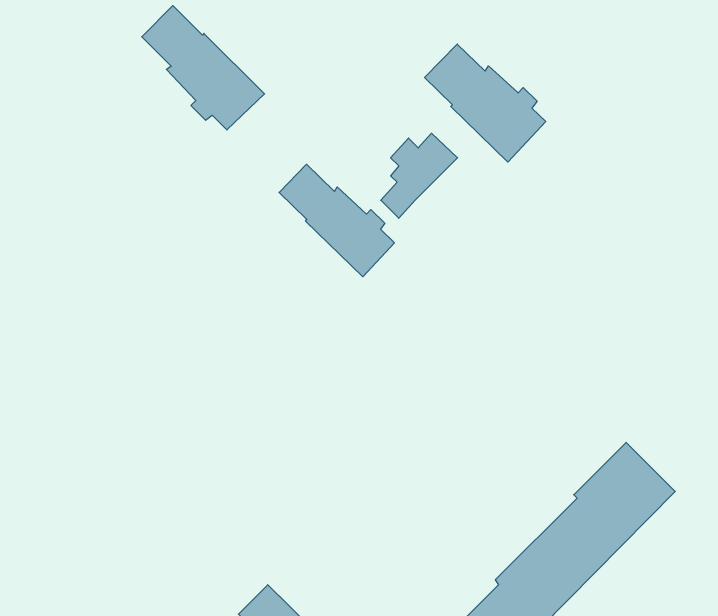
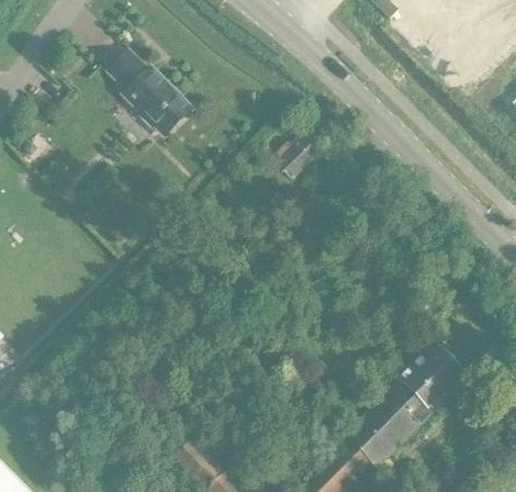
building: [425,44,546,162] -> none
building: [279,164,394,277] -> none

